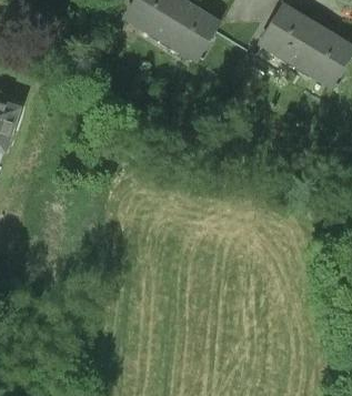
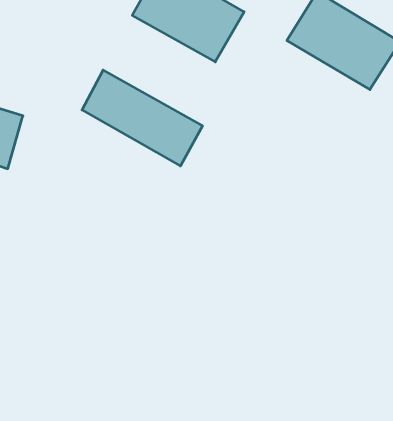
building: none -> [82,70,202,166]

